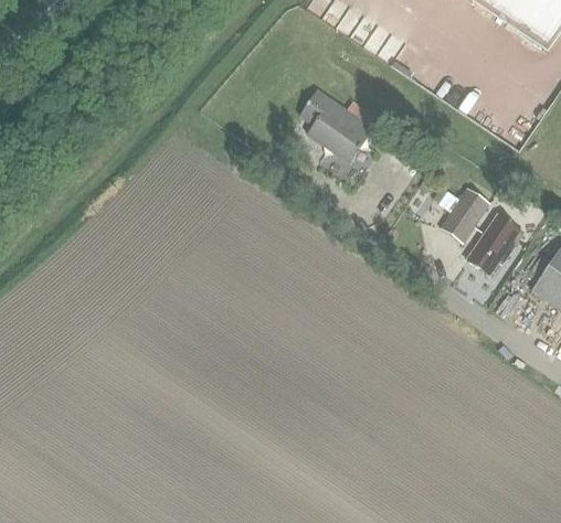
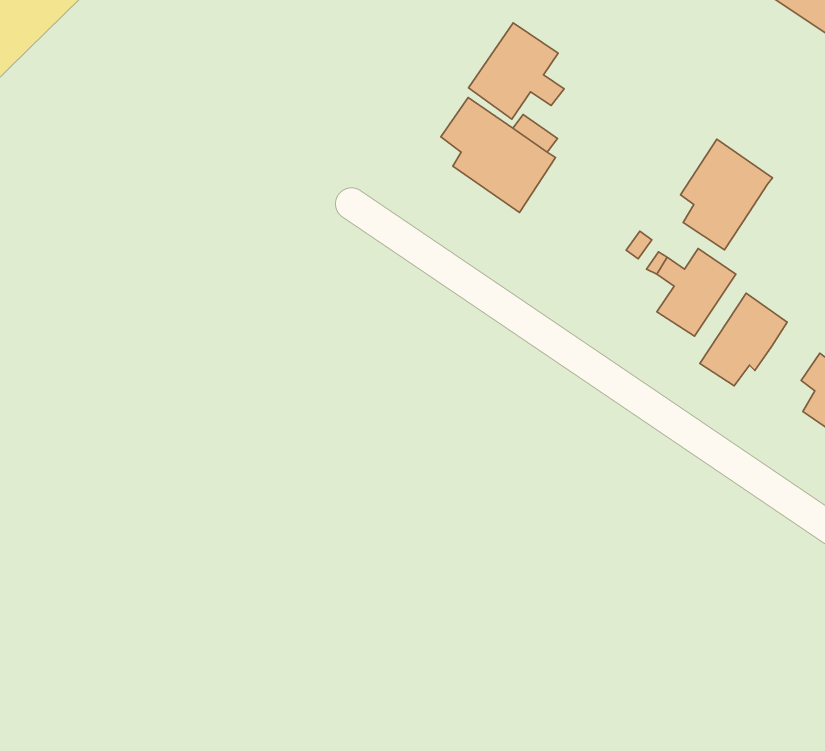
building: none -> [468,23,564,119]
building: none -> [680,139,773,250]

